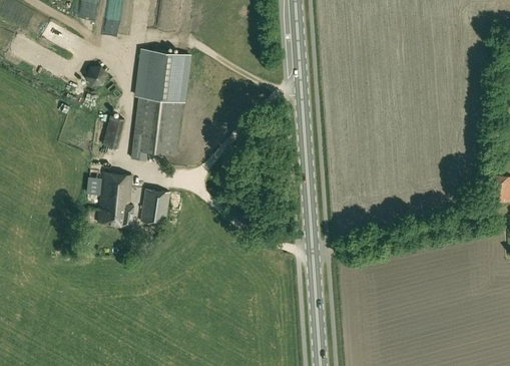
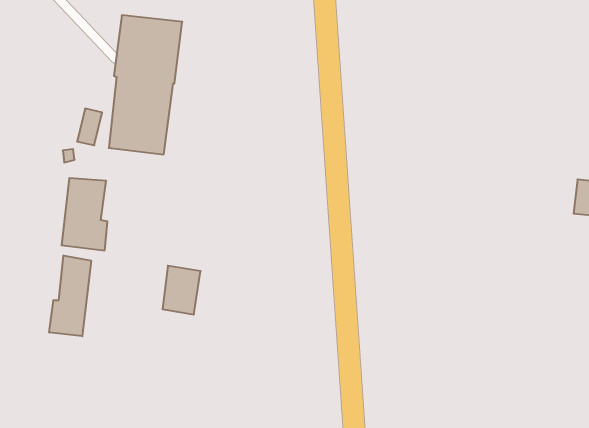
building: [140,189,169,226] -> [162,266,201,314]
building: none -> [49,255,91,336]

